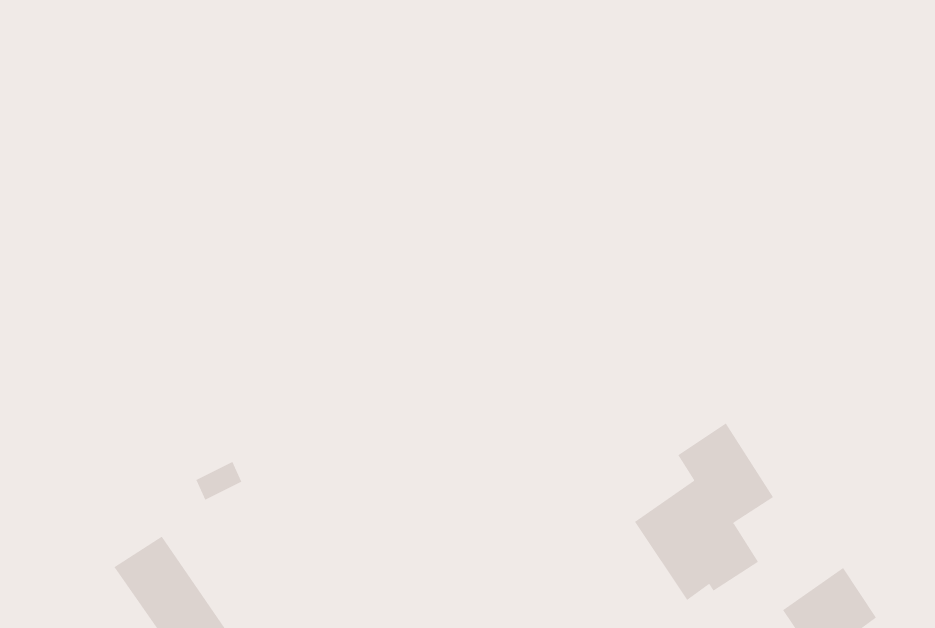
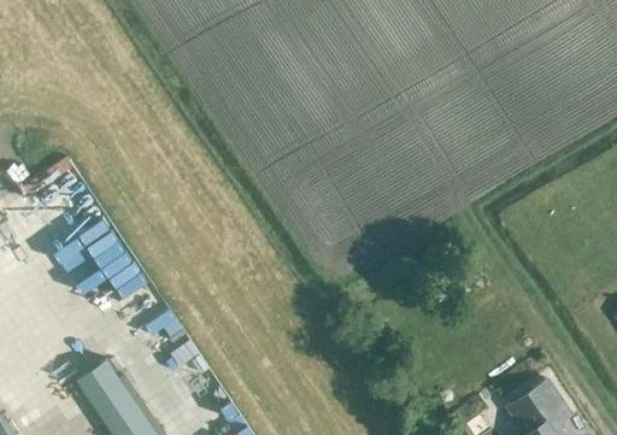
building: [634,423,774,601] -> none

